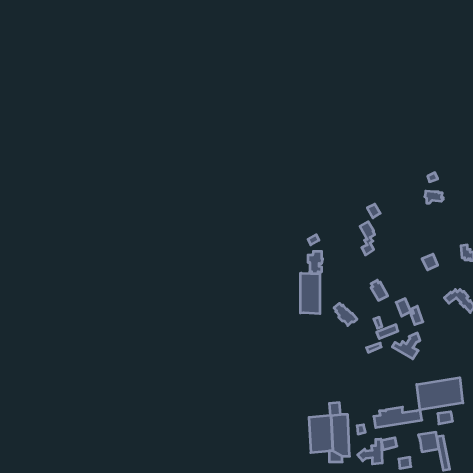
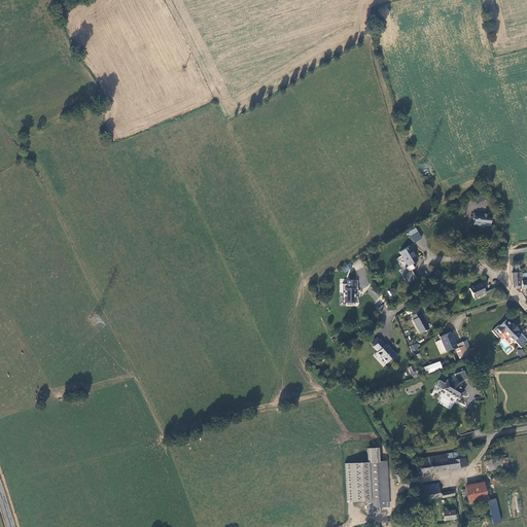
building: [300,273,320,314] -> none
building: [417,378,463,410] -> none
building: [358,439,382,464] -> none

